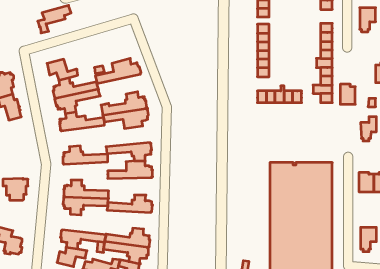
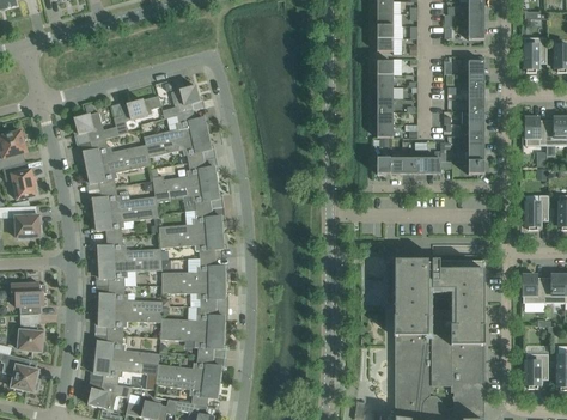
building: [38,5,71,33] -> [114,95,161,134]
building: none -> [163,85,200,117]
building: none -> [146,133,212,162]
building: [340,84,355,104] -> [525,116,547,145]
building: none -> [12,205,42,237]
building: none -> [93,206,158,237]
building: none -> [159,207,224,237]
building: none -> [97,258,163,285]
building: none -> [161,281,226,306]
building: none -> [17,314,43,351]
building: none -> [160,328,225,355]
building: none -> [94,334,160,364]

